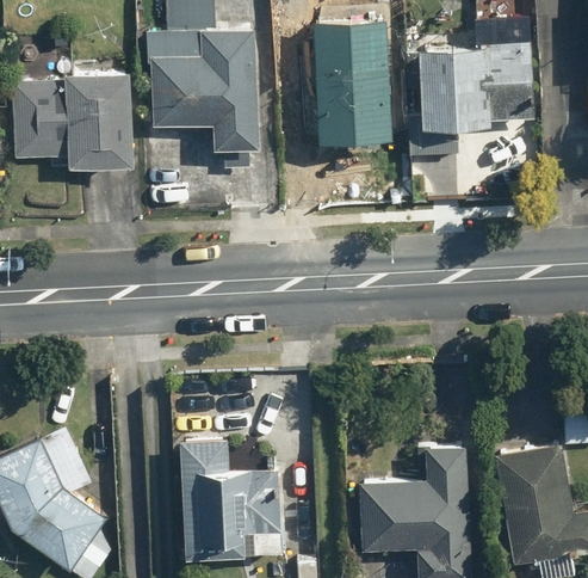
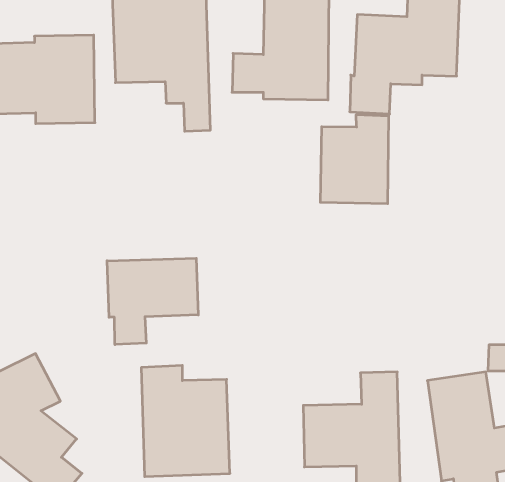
building: none -> [320,115,389,204]
building: none -> [107,258,198,345]

